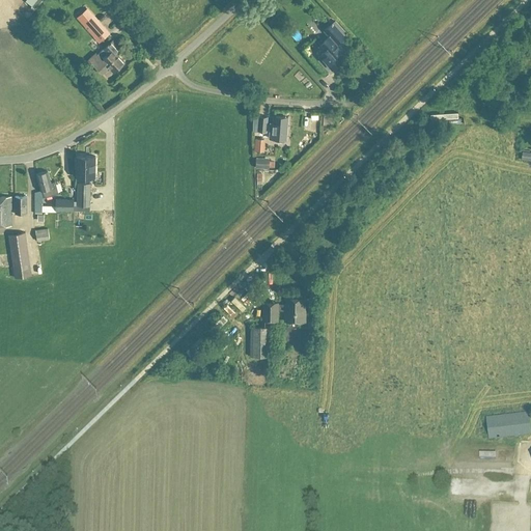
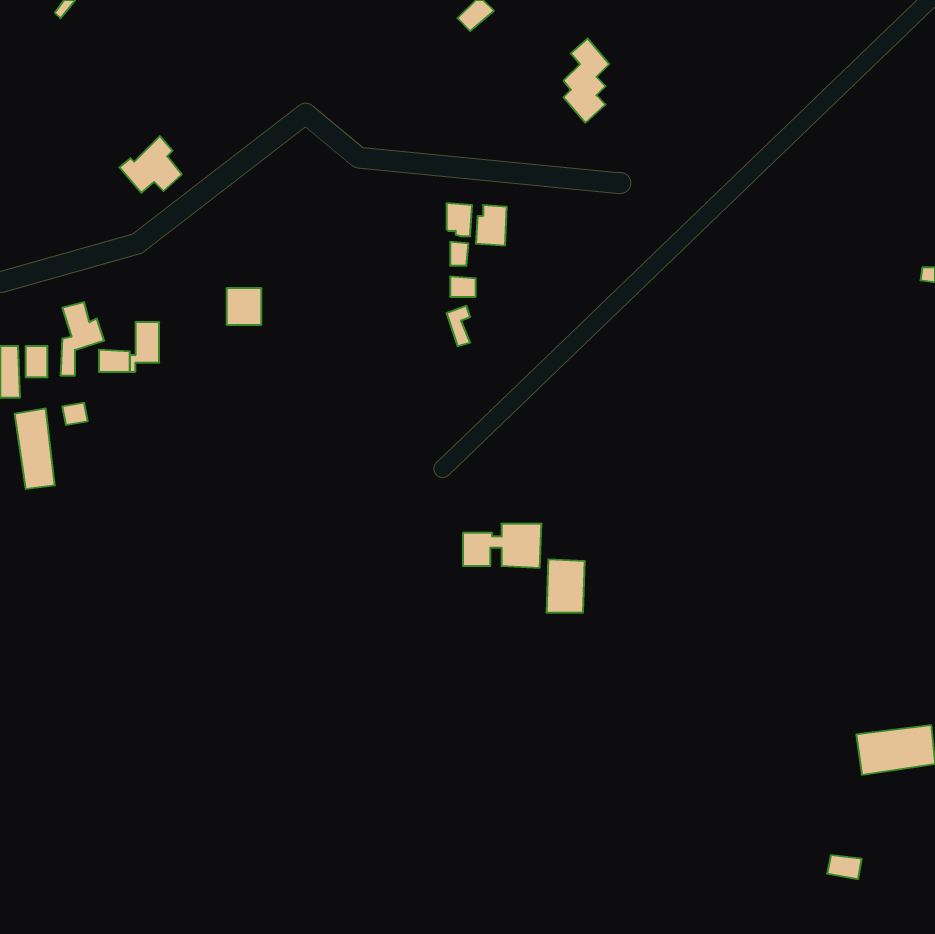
building: [77,8,110,44] -> none
building: [89,41,124,74] -> [119,136,182,193]
building: [76,157,95,177] -> [227,288,261,325]
building: [250,327,272,357] -> [546,559,585,613]

